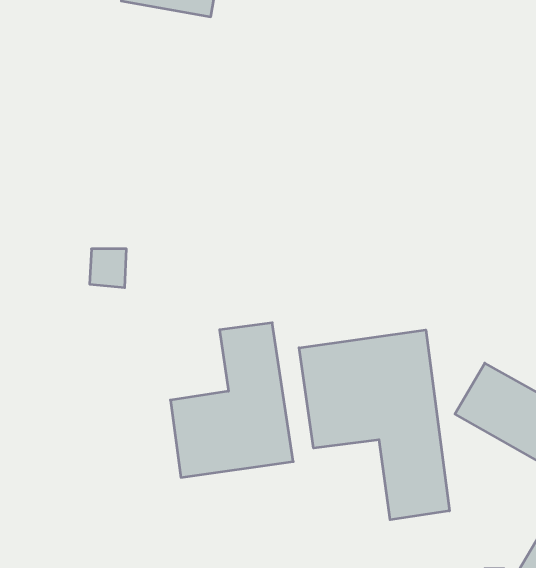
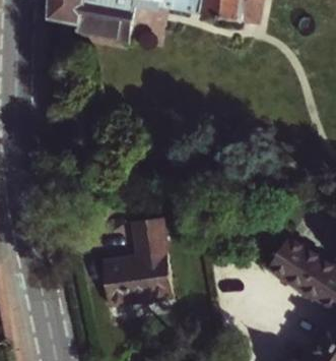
building: [299,330,449,520] -> none

